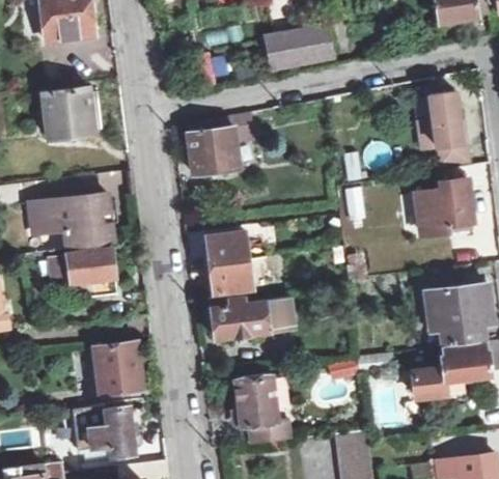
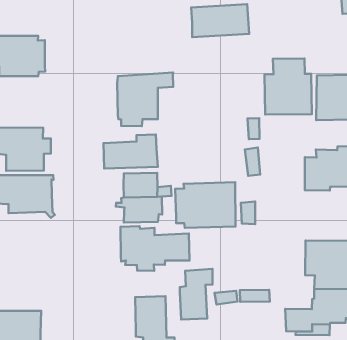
building: none -> [265,58,312,115]
building: none -> [103,135,158,168]
building: none -> [175,182,235,228]
building: none -> [180,269,213,319]
building: [93,342,141,393] -> none

